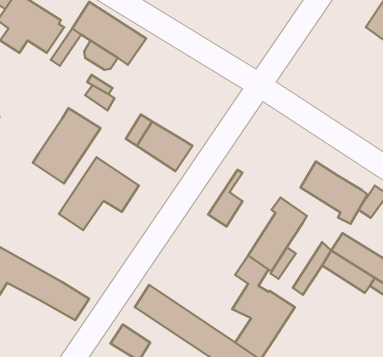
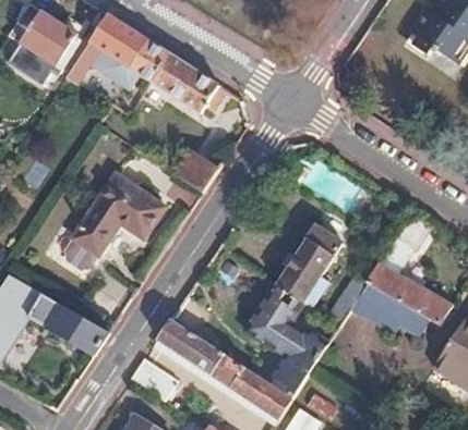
building: none -> [148,52,217,112]
building: [33,108,101,183] -> none
building: [301,161,368,224] -> none
building: [208,170,243,227] -> [241,282,278,343]

